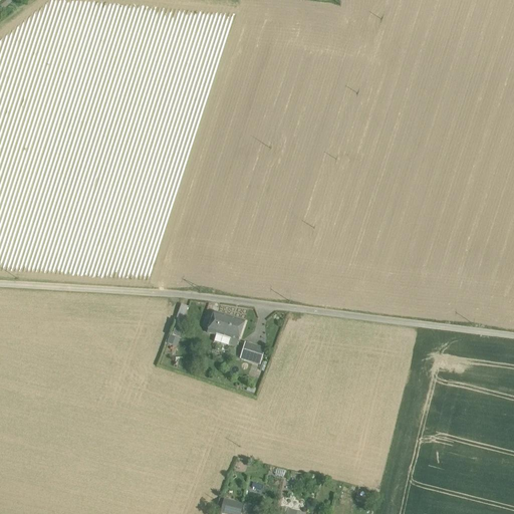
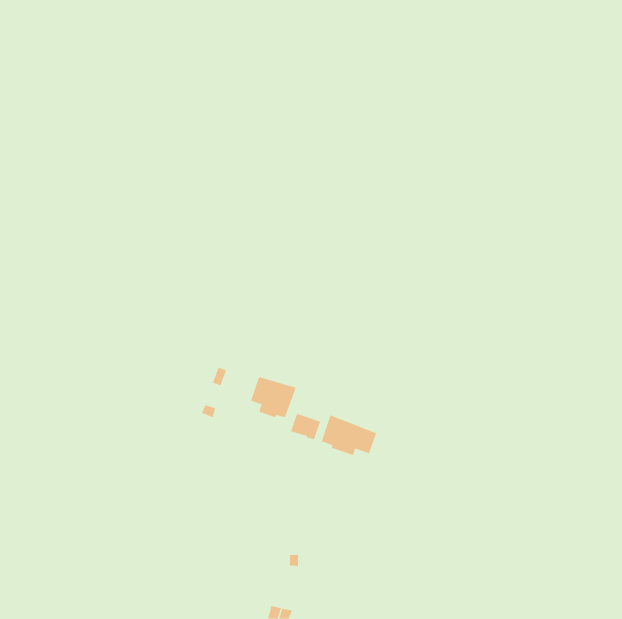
building: none -> [321,414,377,456]

